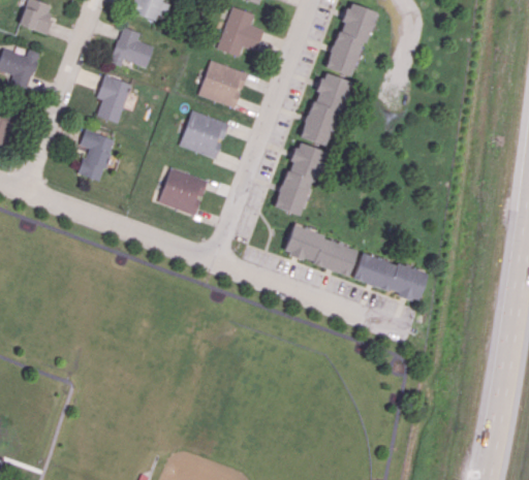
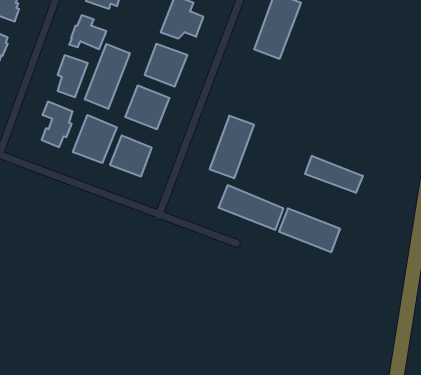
building: none -> [85,44,130,109]
building: [293,72,350,150] -> none
building: none -> [73,115,117,163]
building: none -> [305,156,363,193]

